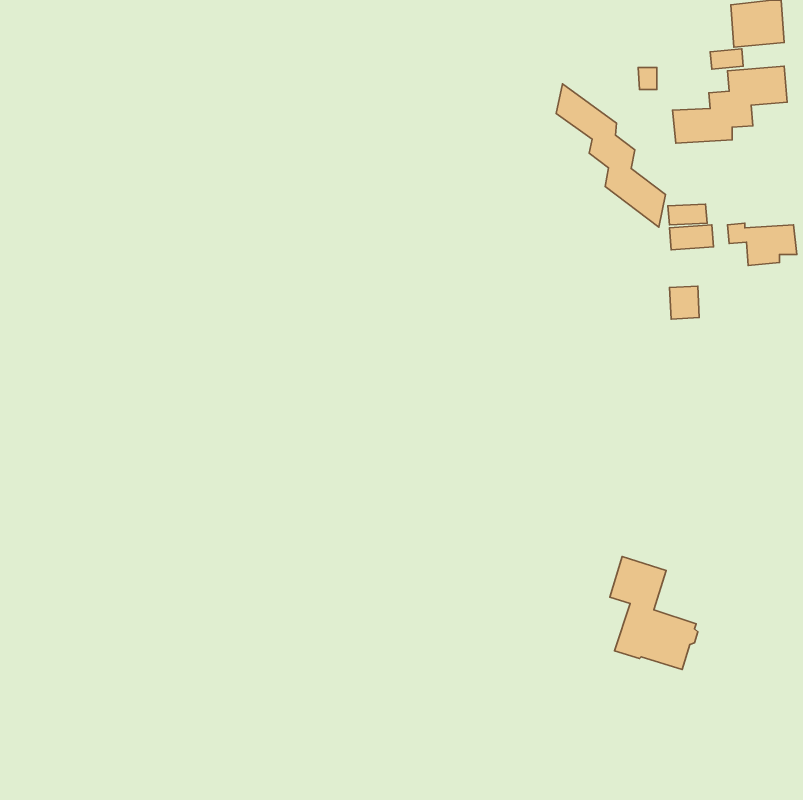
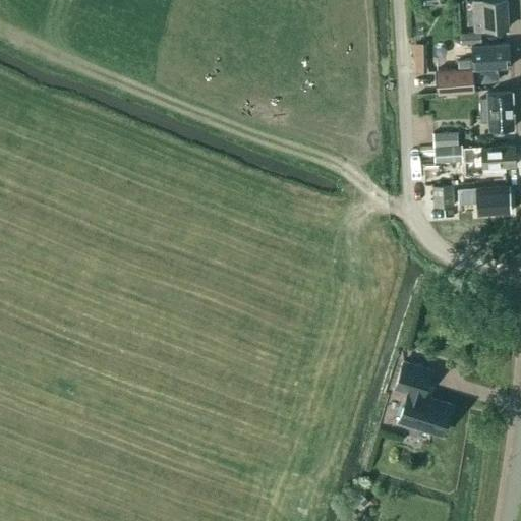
building: [556,84,666,227] -> none
building: none -> [480,93,513,130]
building: none -> [458,187,511,215]

